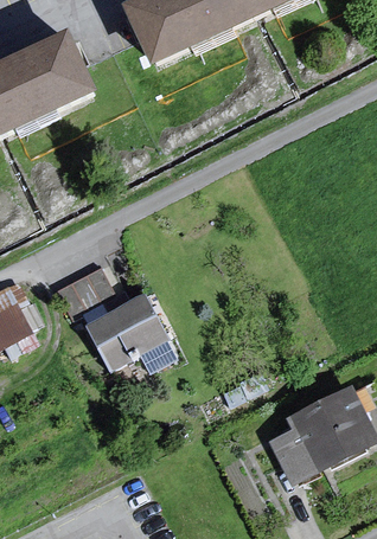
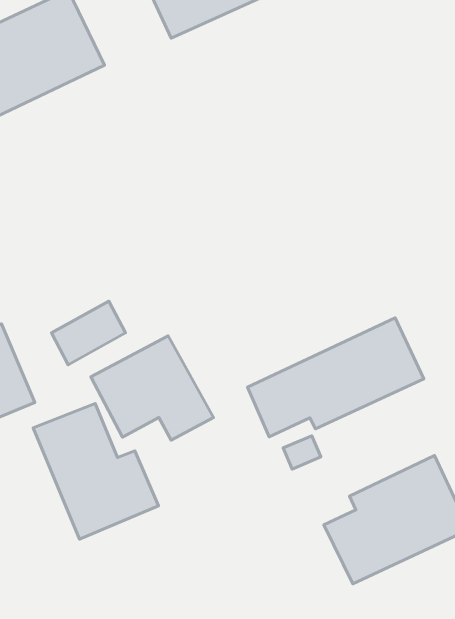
building: none -> [247,318,424,437]
building: none -> [33,404,159,539]

